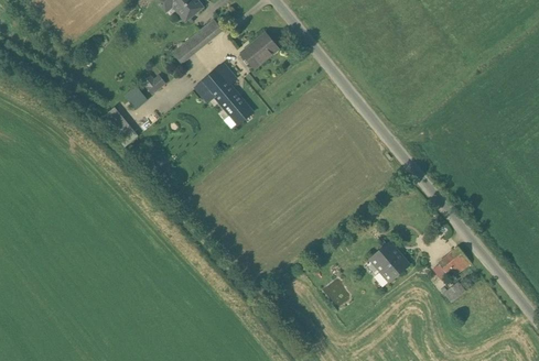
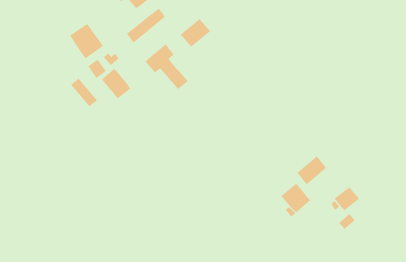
building: none -> [69,23,104,59]
building: none -> [101,68,131,99]
building: none -> [297,156,327,185]

